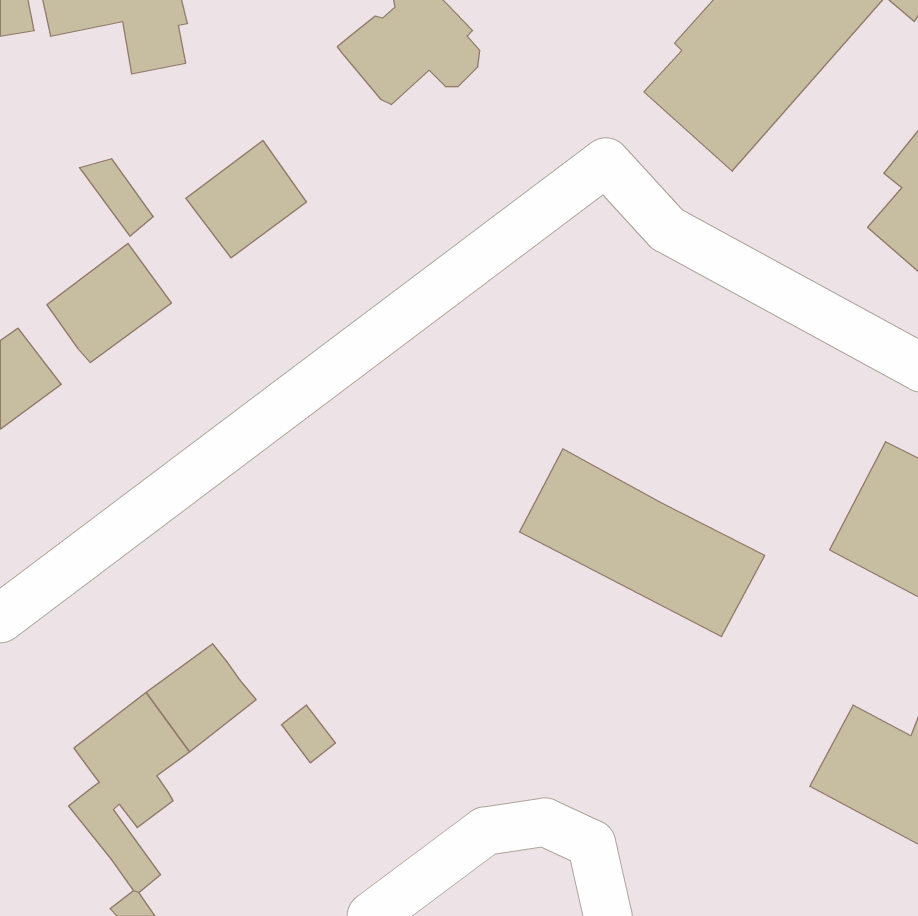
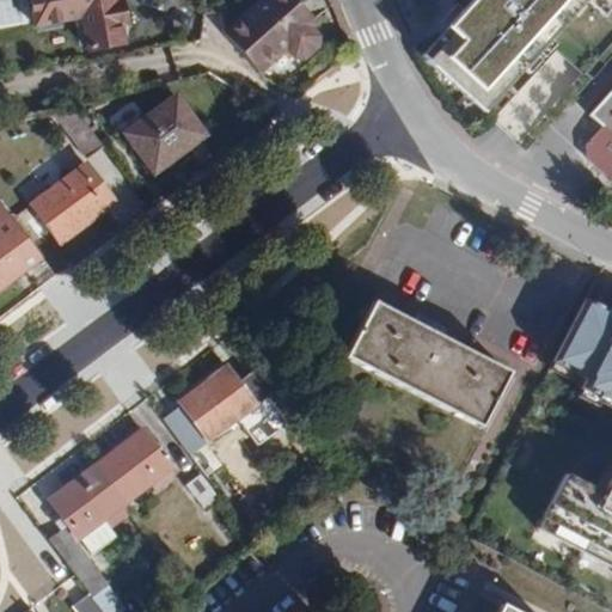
building: none -> [166,363,255,454]

